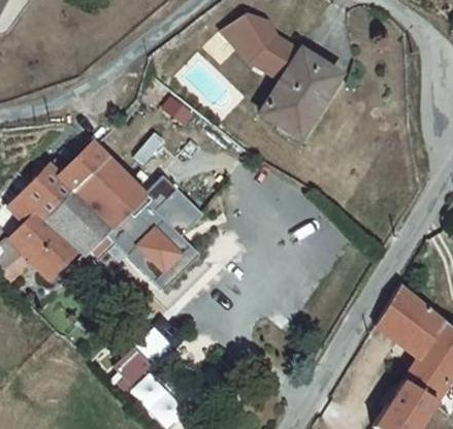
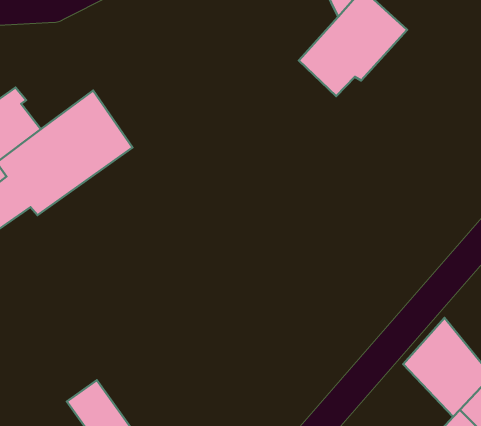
building: [60,142,111,194] -> none
building: [109,179,203,288] -> none

